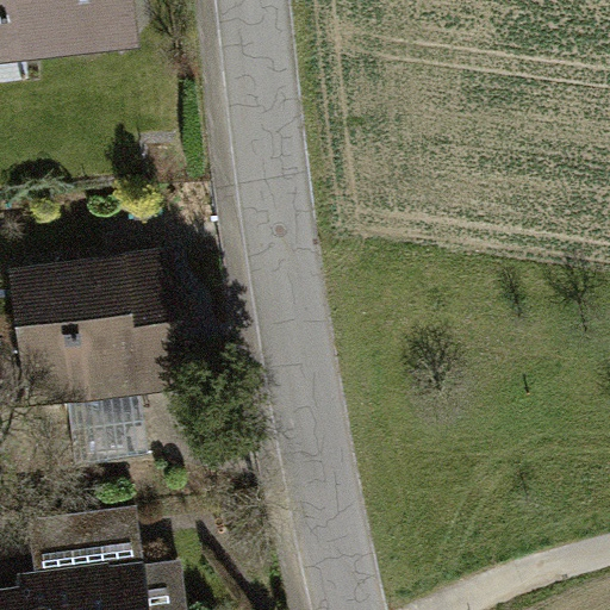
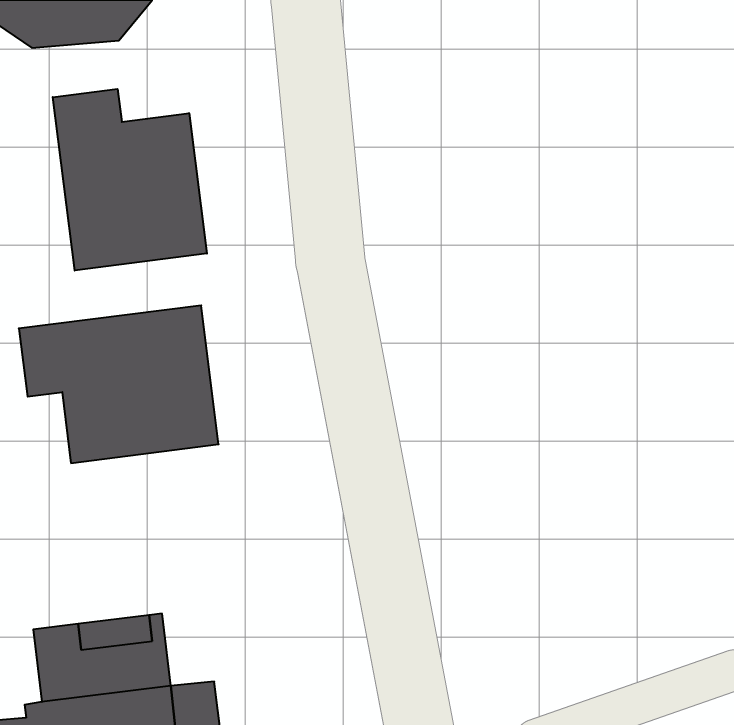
building: none -> [53,89,207,271]

